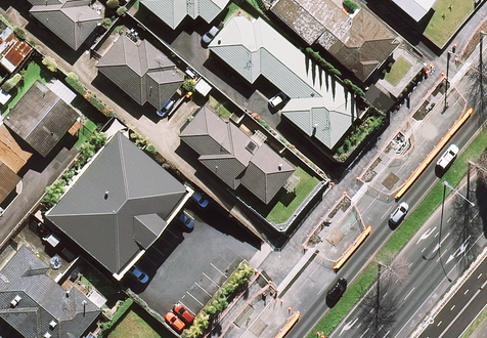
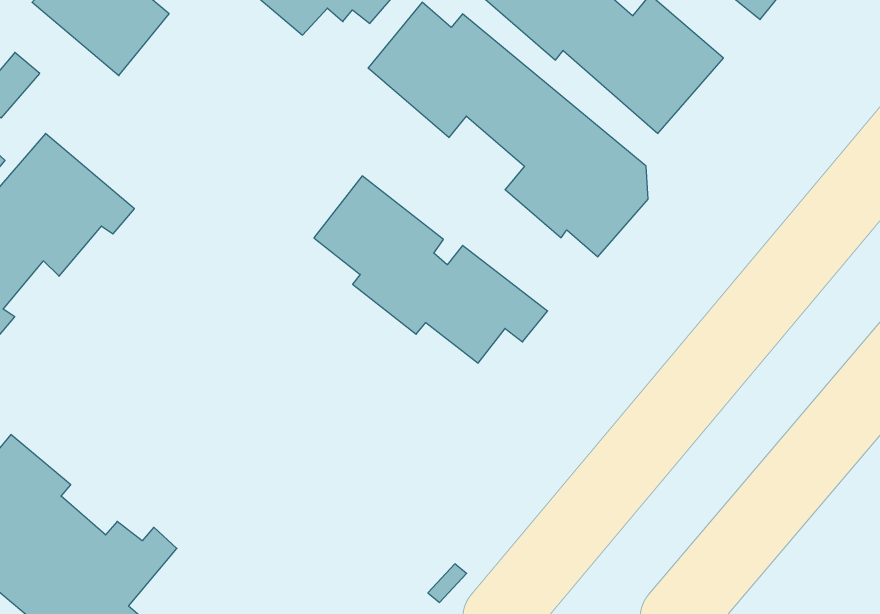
building: [96,35,184,110] -> none
building: [44,121,186,263] -> none

